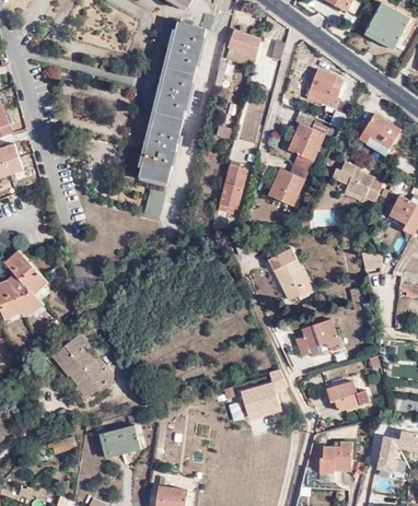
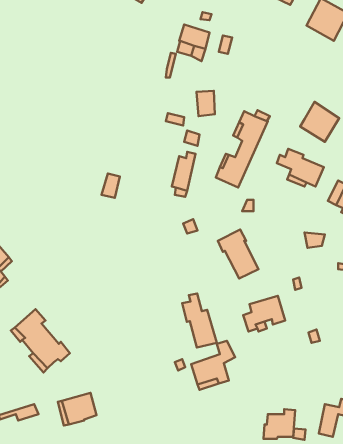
building: [140,14,212,181] -> none
building: [305,68,346,128] -> none
building: none -> [182,294,217,348]
building: [326,384,370,415] -> none

